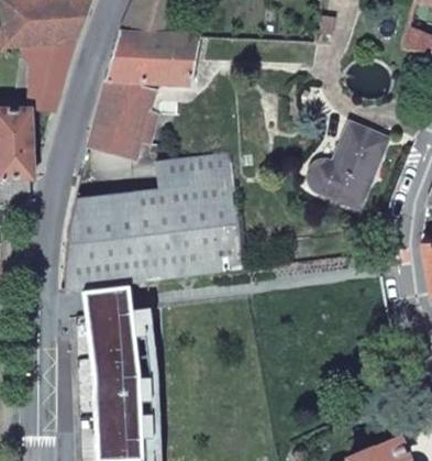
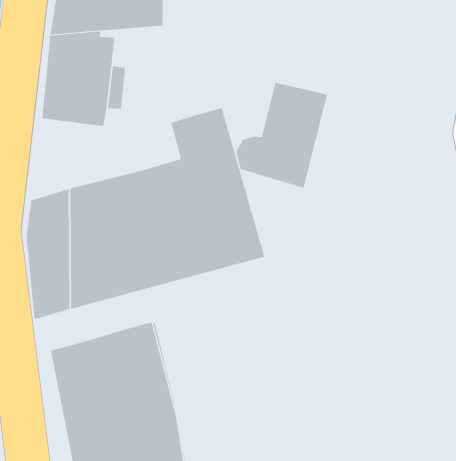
building: [313,124,389,208] -> [236,82,328,189]
building: [156,157,190,190] -> none
building: [88,283,131,314] -> none

